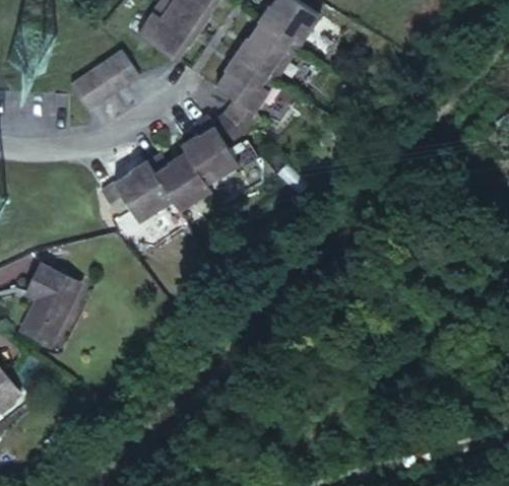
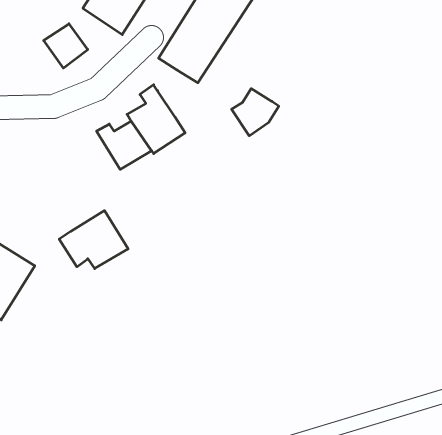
building: [64,70,109,116] -> none
building: [206,100,255,149] -> [232,89,279,136]
building: [97,163,168,223] -> [59,211,128,269]

